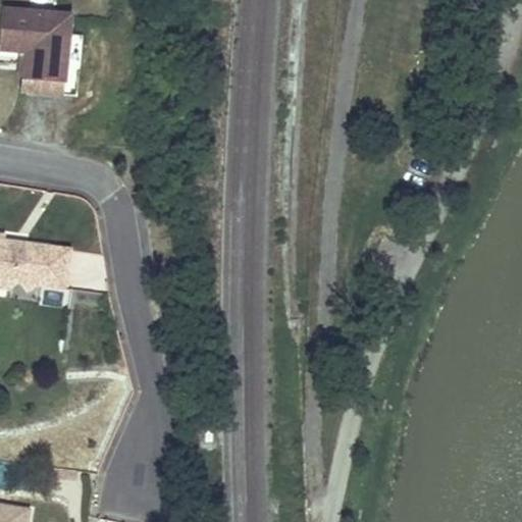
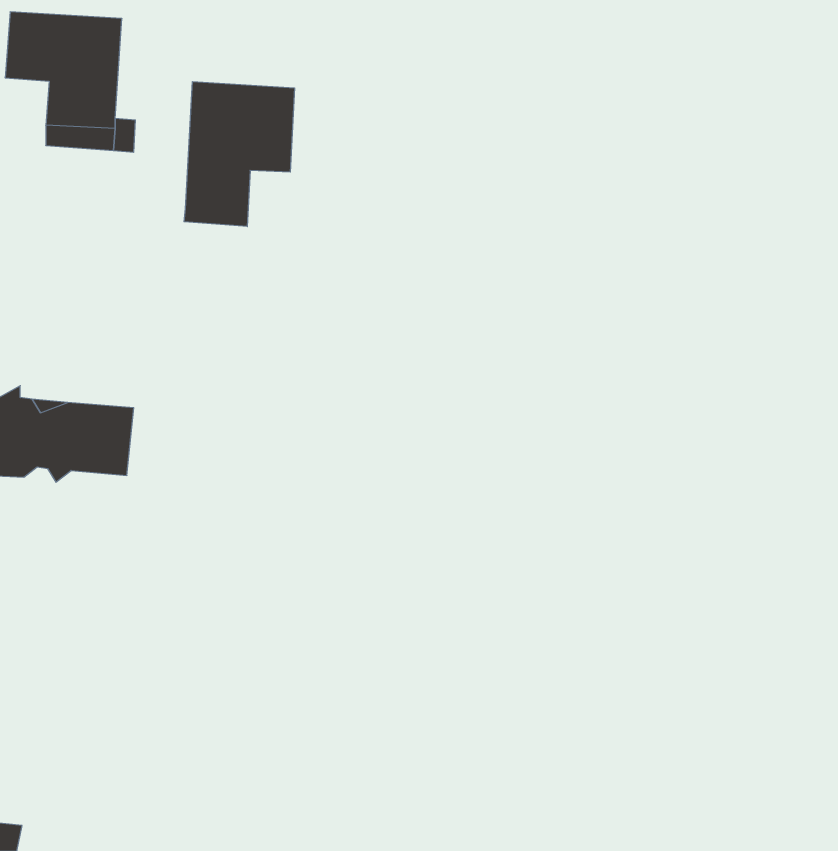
building: none -> [184,82,294,227]

